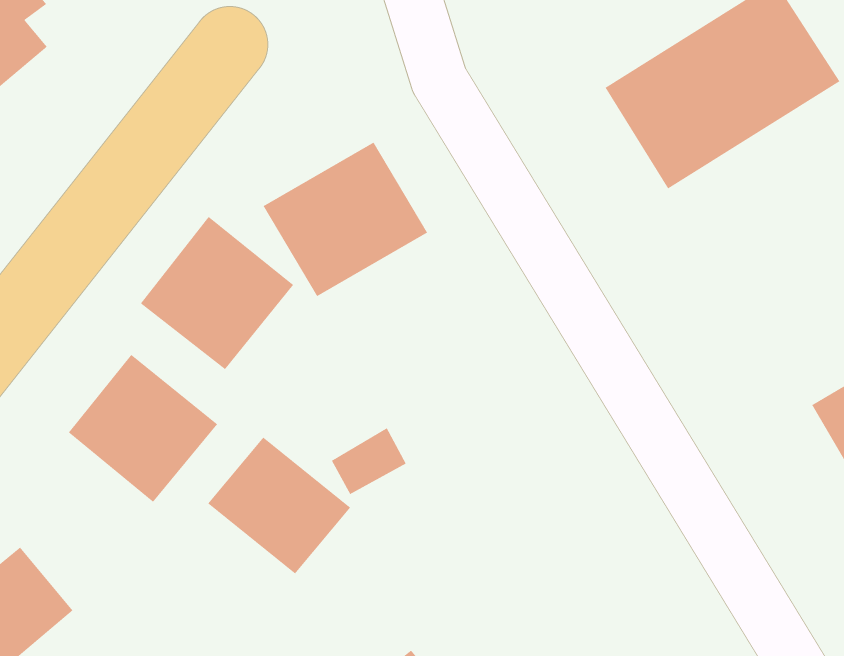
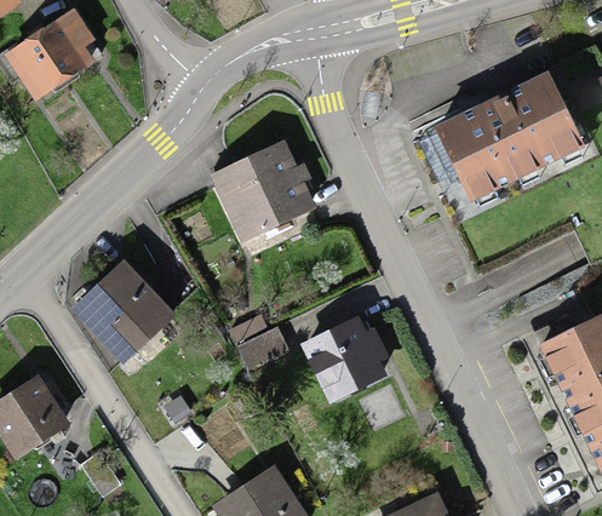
building: [140,216,294,370] -> none
building: none -> [300,315,385,396]
building: [207,436,351,575] -> none

